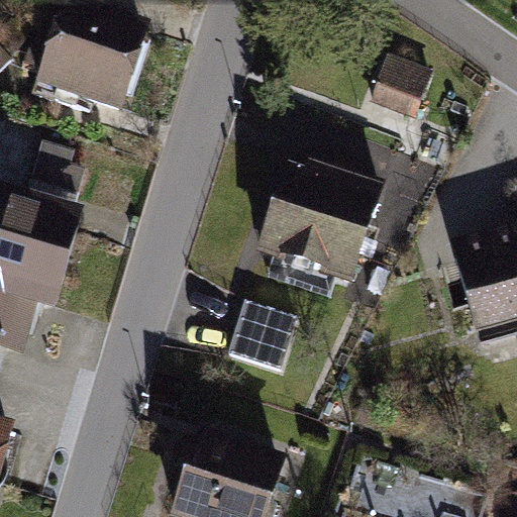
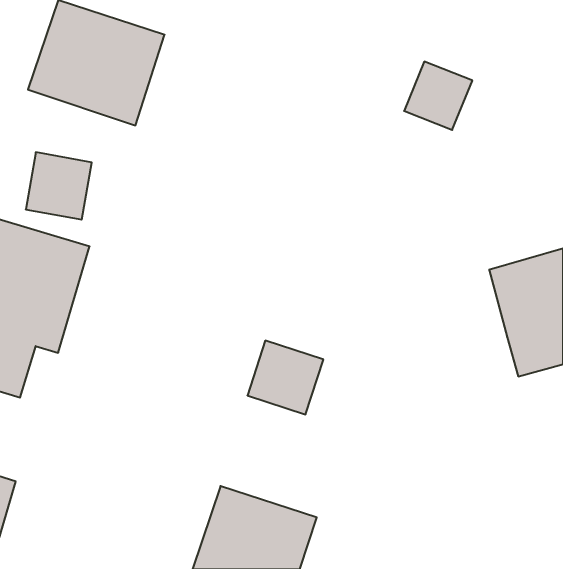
building: [256,167,386,291] -> none

